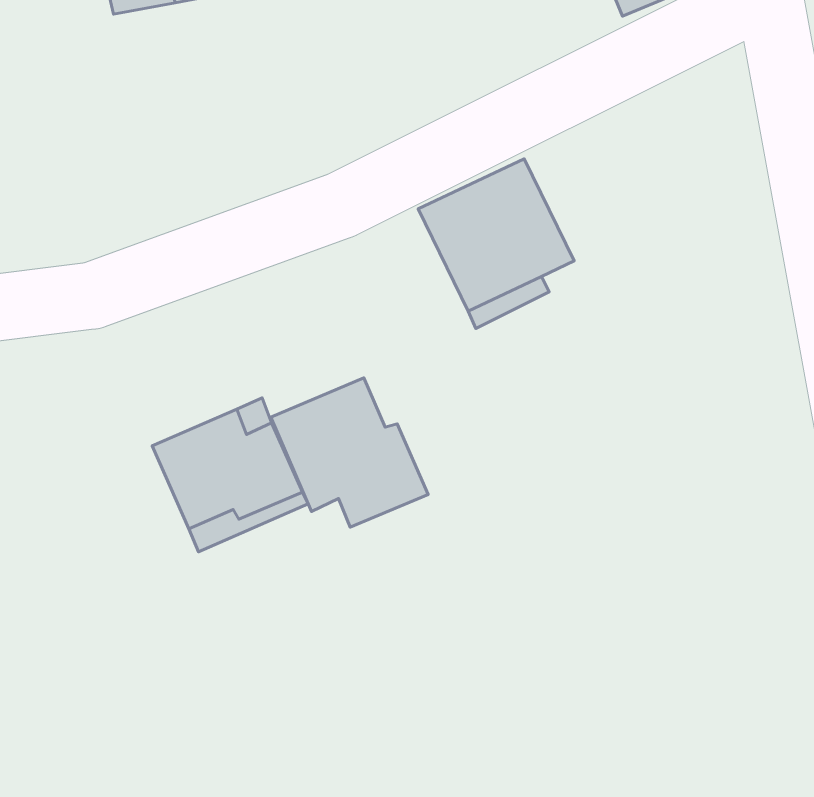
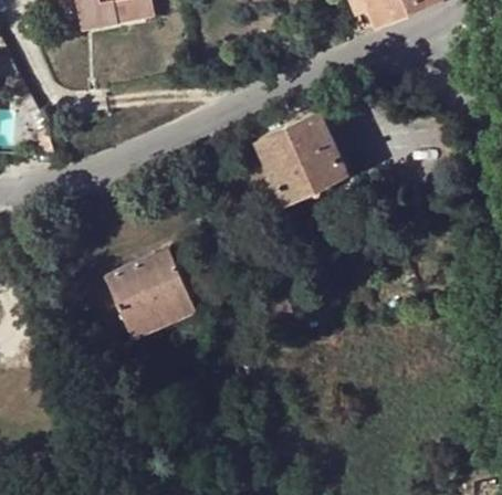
building: [271,378,428,527] -> none

